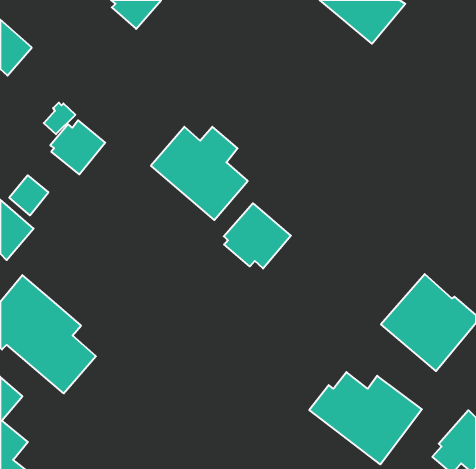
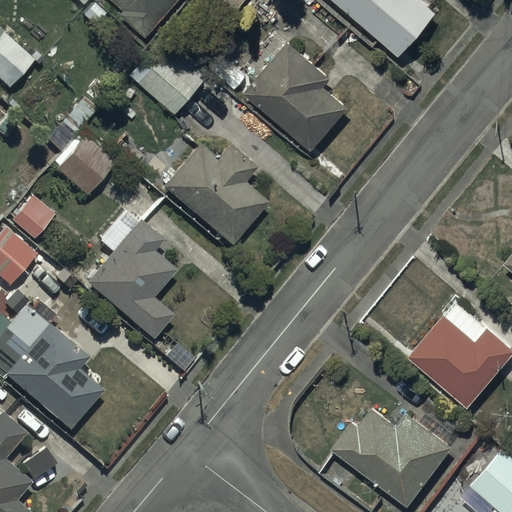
building: none -> [244,42,347,150]
building: none -> [131,43,204,114]
building: none -> [84,212,175,339]
building: [224,203,291,269] -> none

